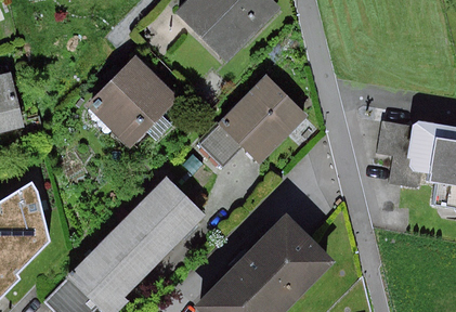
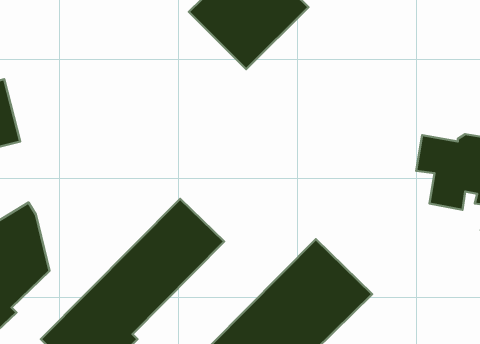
building: [86,55,181,148] -> none
building: [198,75,309,169] -> none

